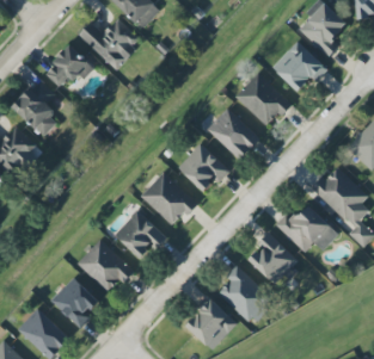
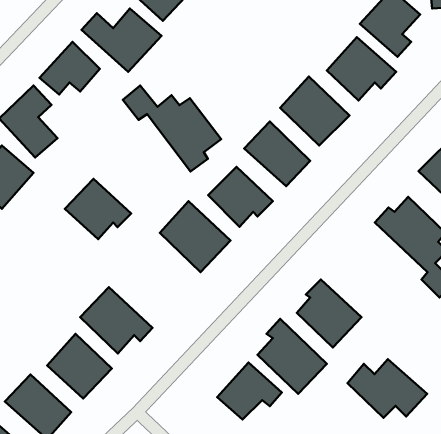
building: none -> [123,85,221,172]
building: [274,206,337,253] -> [347,359,427,418]
building: [112,211,165,259] -> [65,179,131,239]

